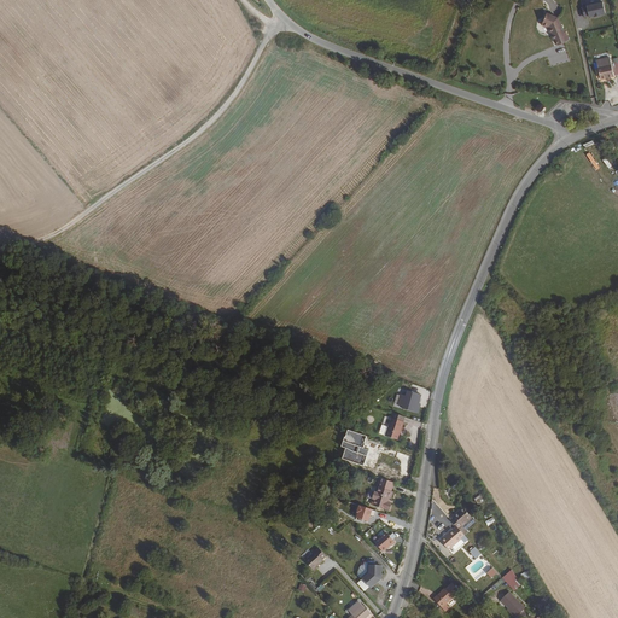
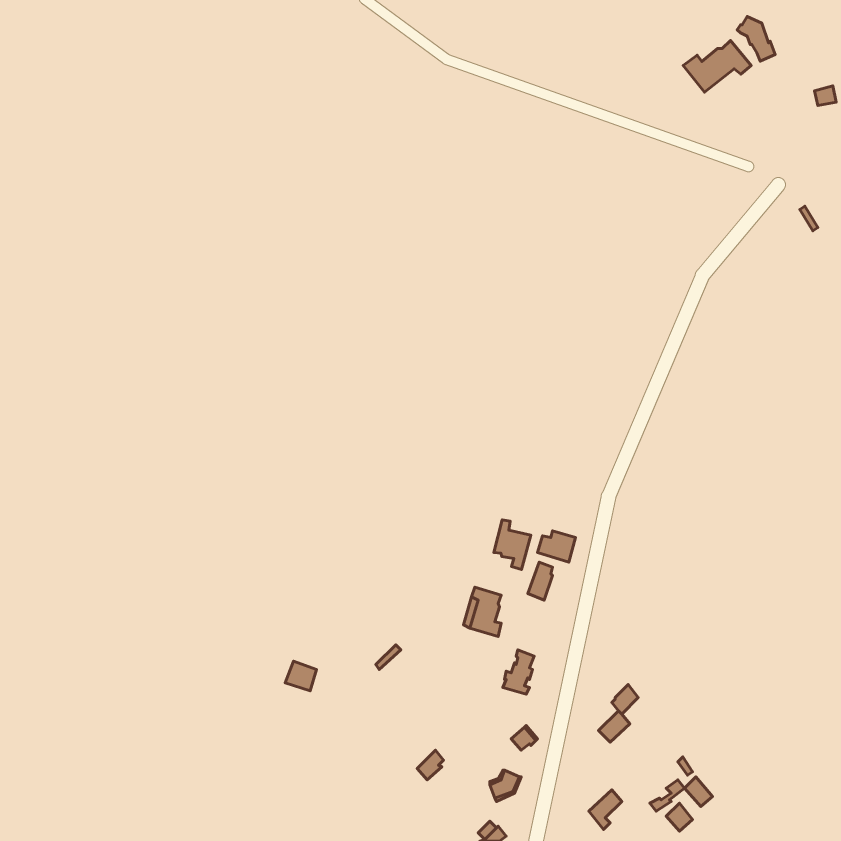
building: none -> [683,41,751,92]
building: none -> [494,520,531,570]

